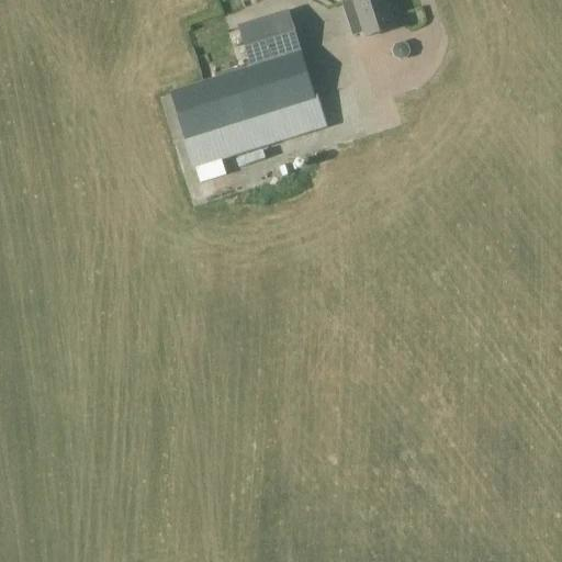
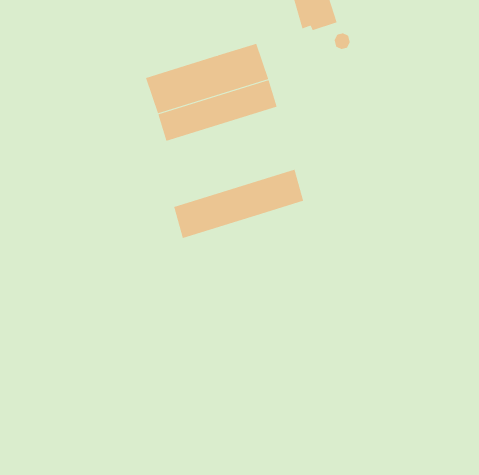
building: [241,8,301,65] -> none
building: none -> [173,169,304,239]

